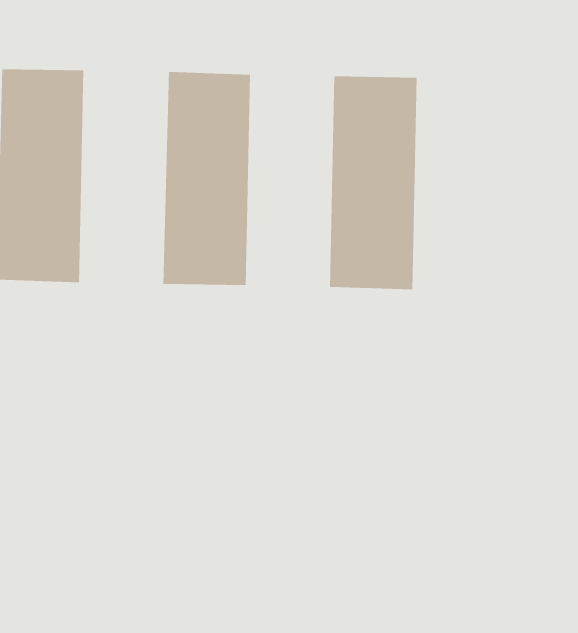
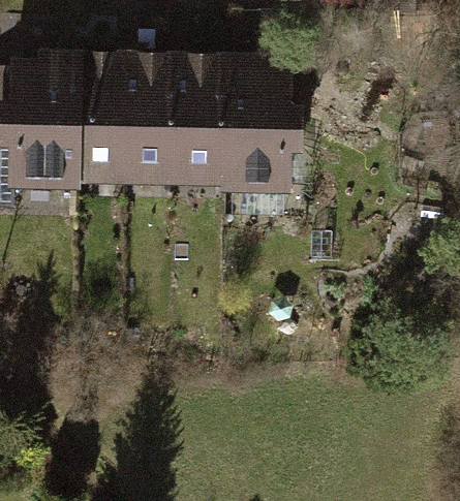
building: none -> [62,66,125,219]
building: none -> [181,69,243,221]

